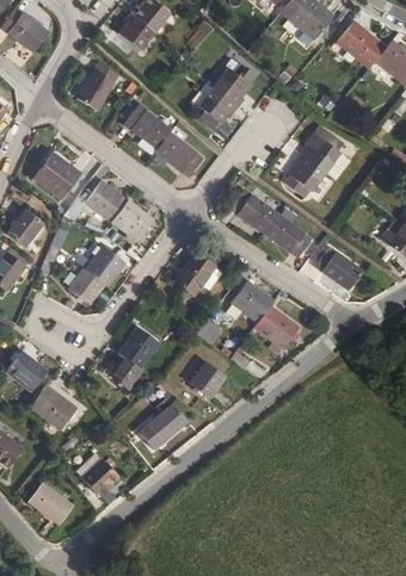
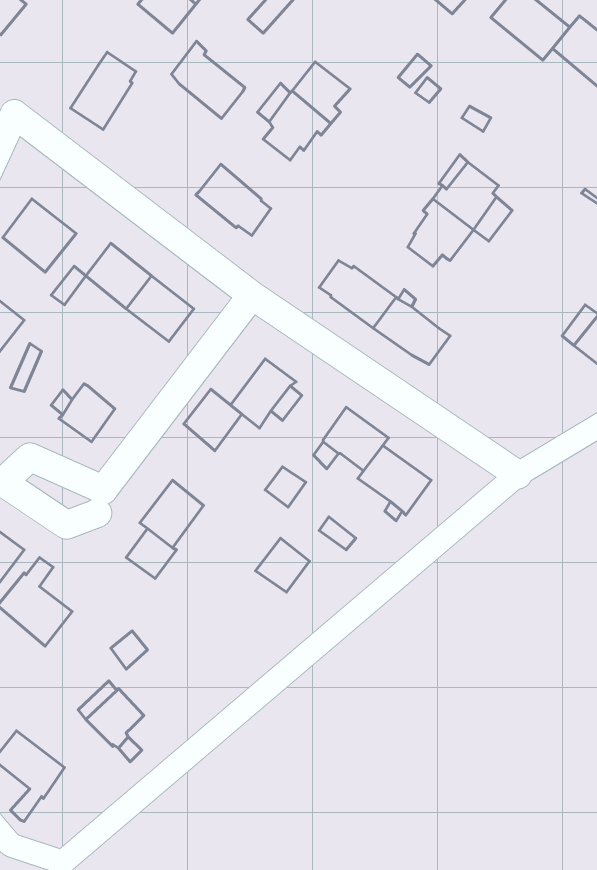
building: [125,100,171,148] -> [171,41,245,118]
building: [87,247,123,285] -> [184,389,242,451]
building: [315,247,362,289] -> none
building: [140,404,186,448] -> none

